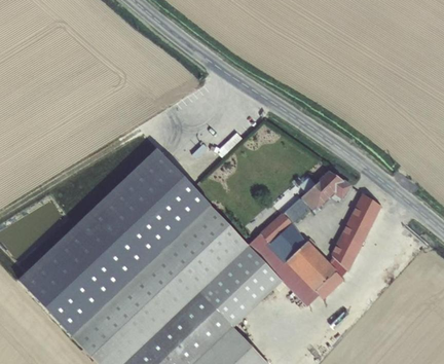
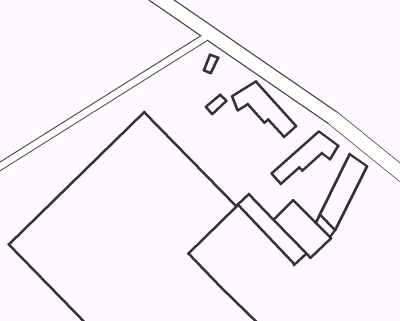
building: none -> [232,81,296,137]
building: [261,212,305,258] -> none
building: [200,245,282,326] -> none

